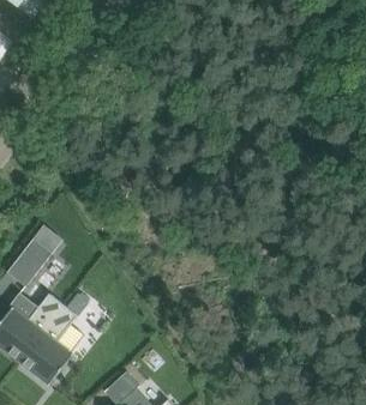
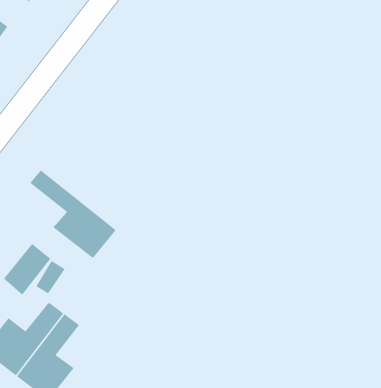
building: none -> [30,169,116,259]

